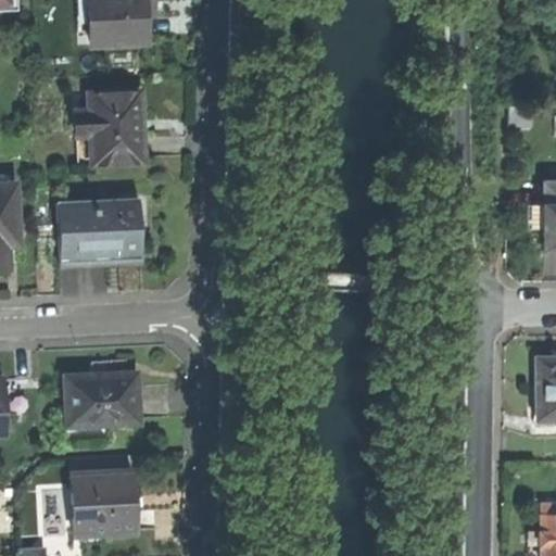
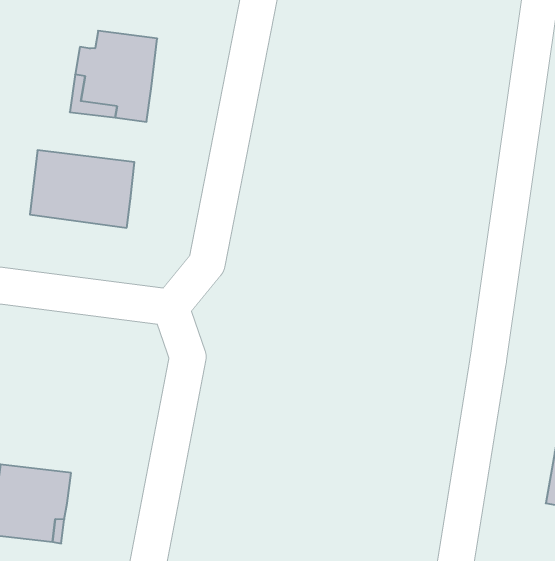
building: [67,361,138,427] -> none

